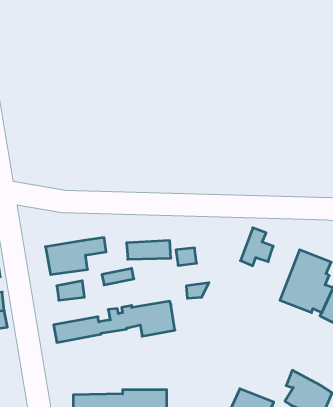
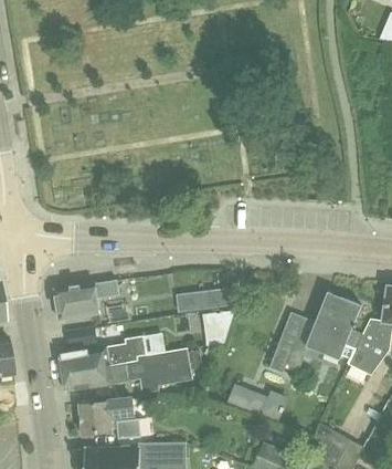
building: [240,228,273,266] -> [269,332,305,373]
building: none -> [60,334,147,373]
building: none -> [226,383,267,414]
building: none -> [80,398,150,438]

